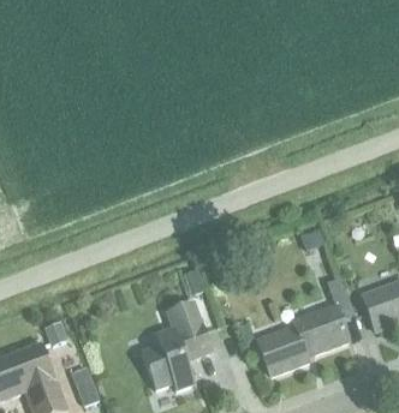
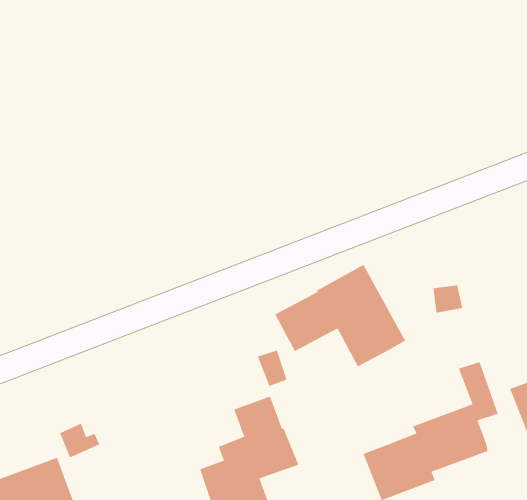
building: none -> [274,264,406,368]

